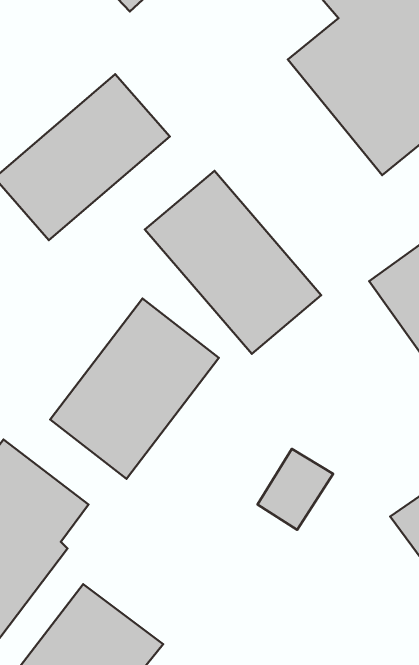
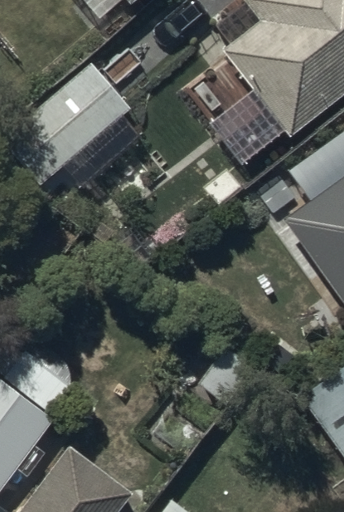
building: [145,171,321,354] -> none
building: [50,299,219,479] -> none

